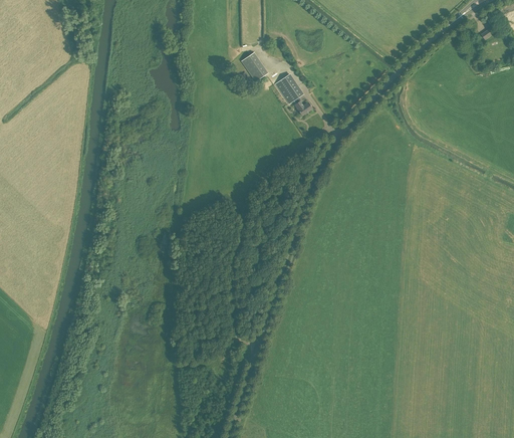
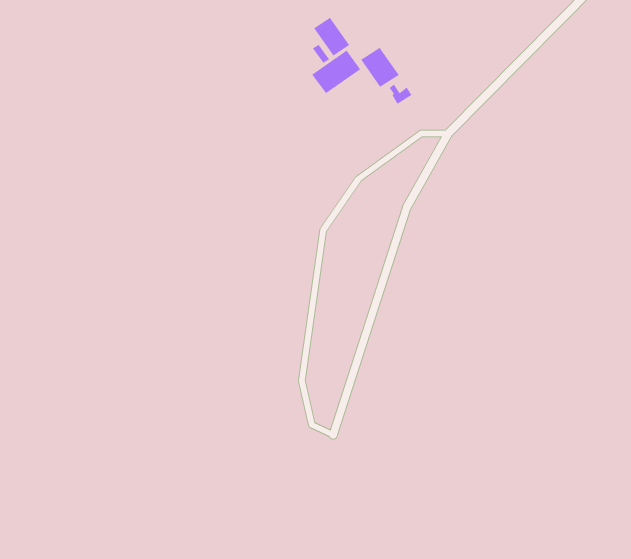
building: none -> [311,50,361,94]

